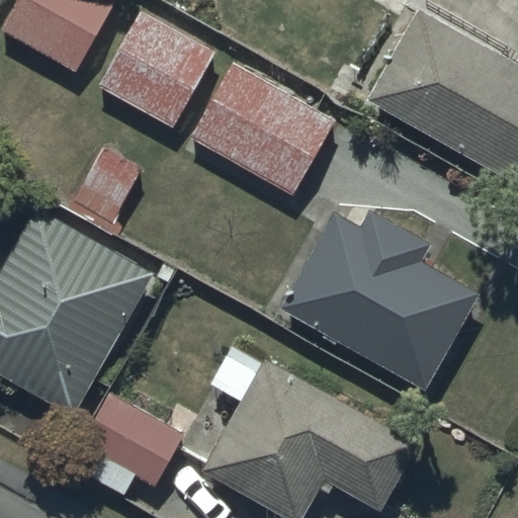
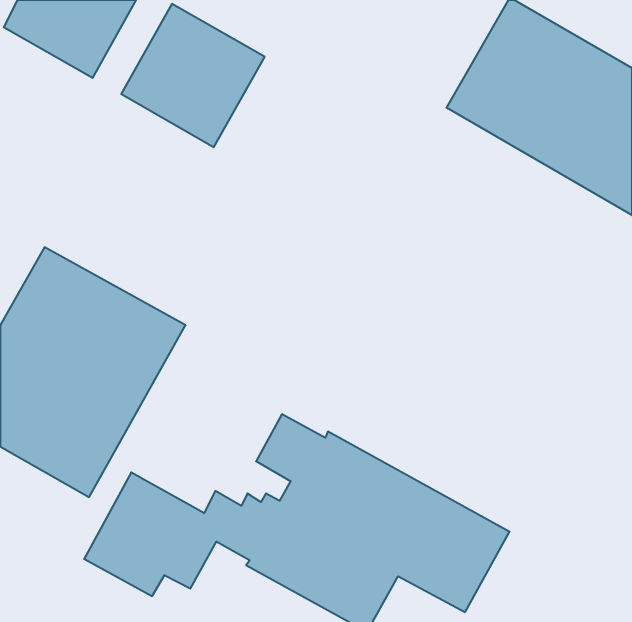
building: [192,64,335,194] -> none
building: [281,208,481,391] -> none

